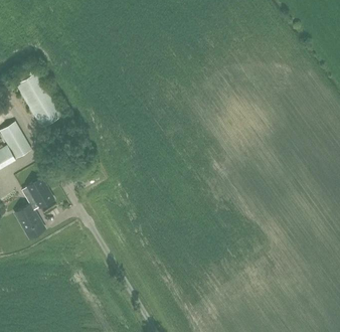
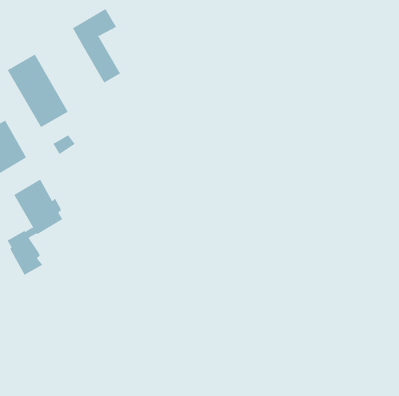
building: none -> [72,8,121,84]

